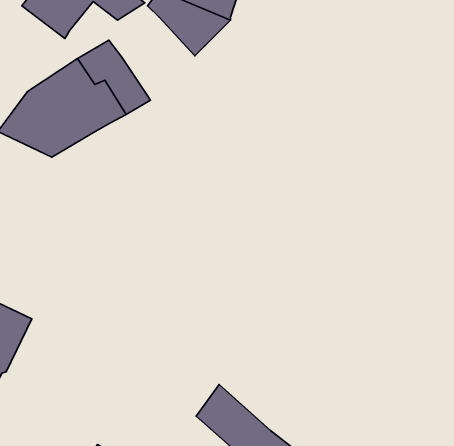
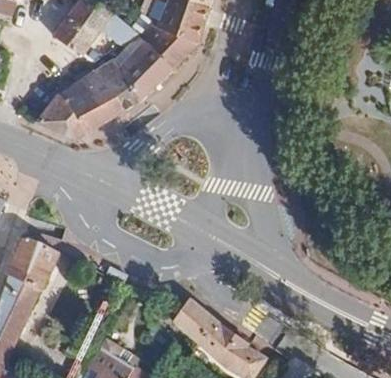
building: none -> [122,42,173,100]

